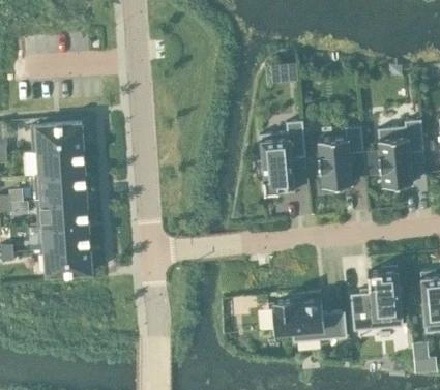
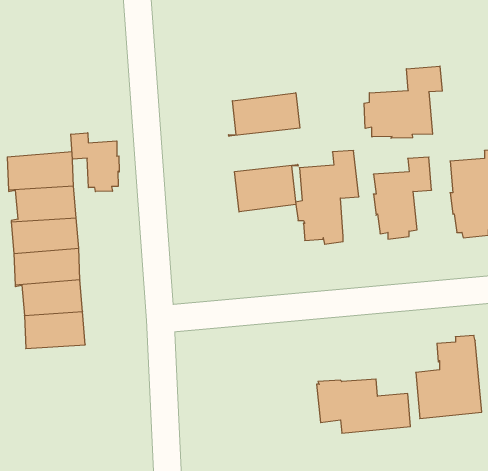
building: none -> [364,66,442,138]
building: none -> [229,93,300,136]
building: none -> [71,133,119,192]
building: none -> [235,164,298,212]

